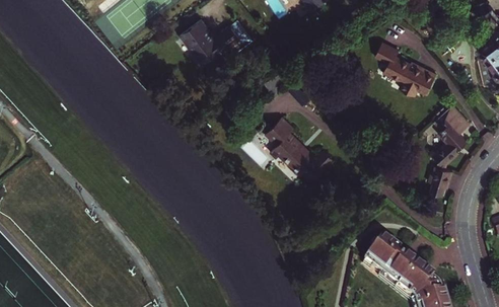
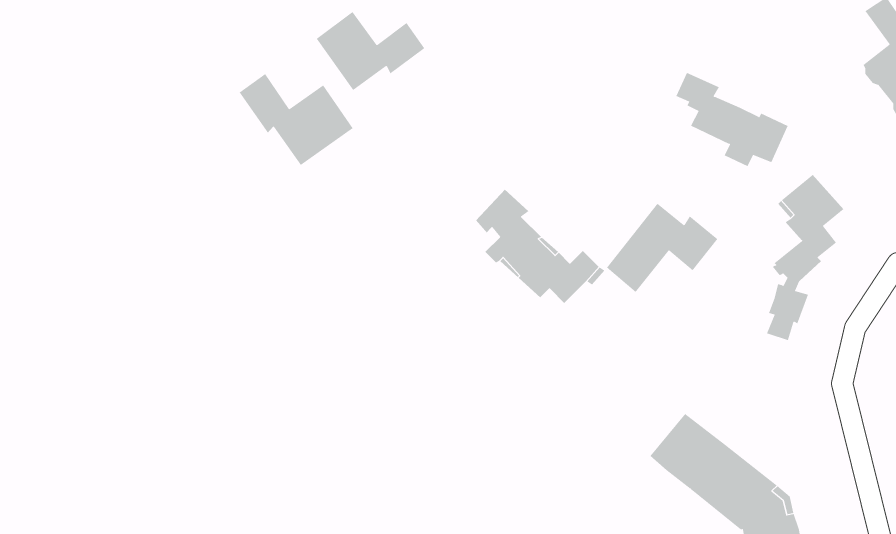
building: none -> [239,73,353,166]
building: none -> [606,203,718,293]

